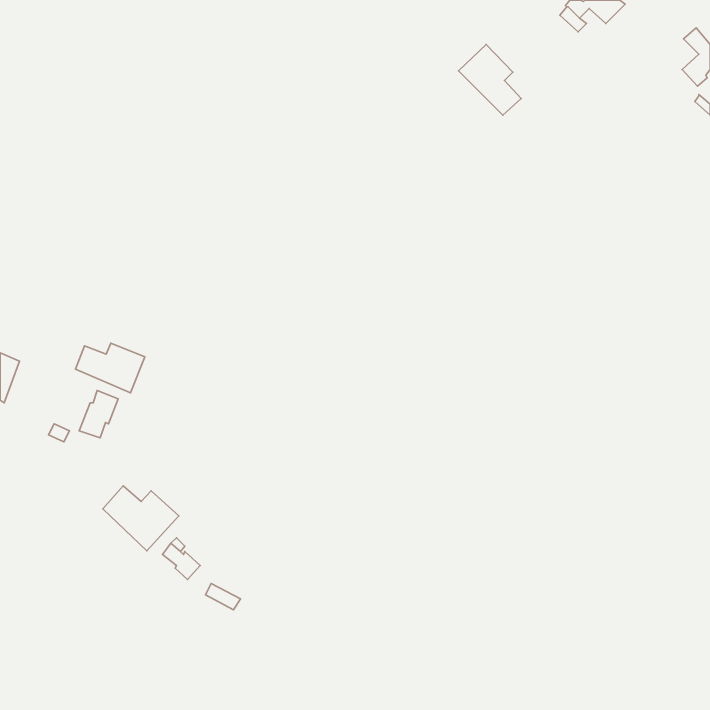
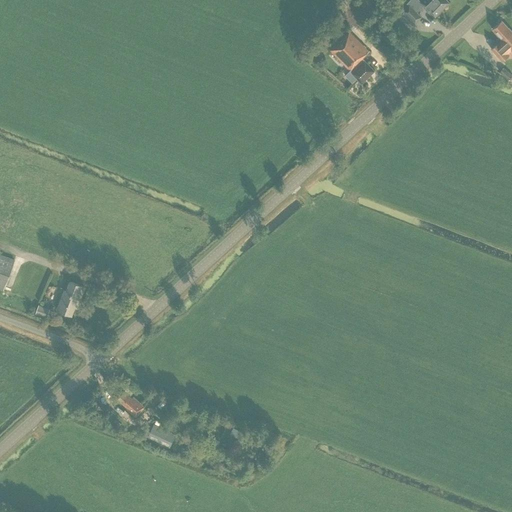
building: [76,343,145,393] -> none
building: [103,486,179,551] -> none

